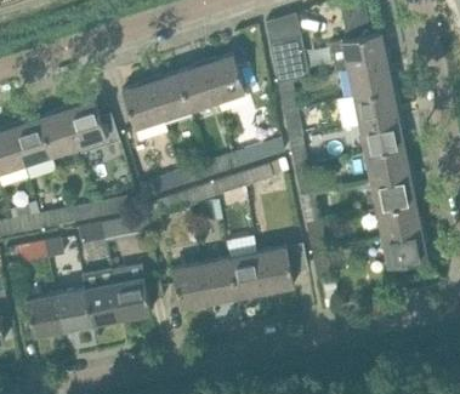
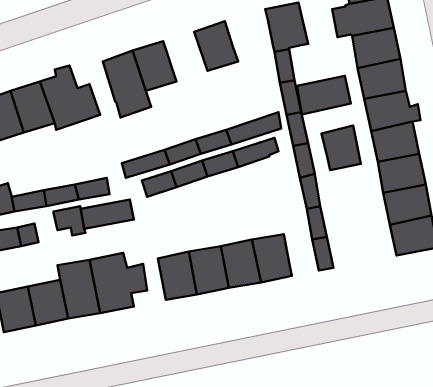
building: [177,65,217,110] -> none
building: none -> [297,76,351,114]
building: none -> [321,125,361,170]

